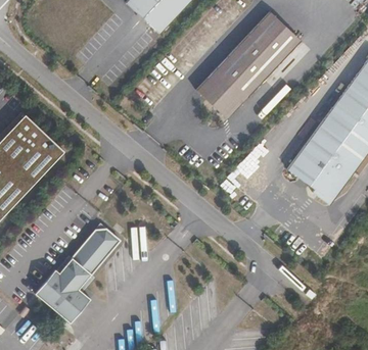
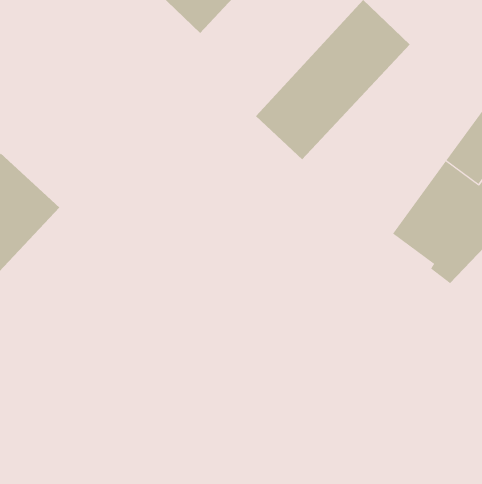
building: [35,230,120,326] -> none

